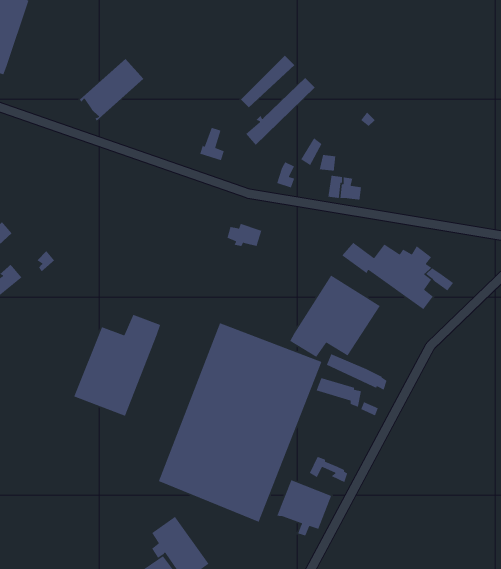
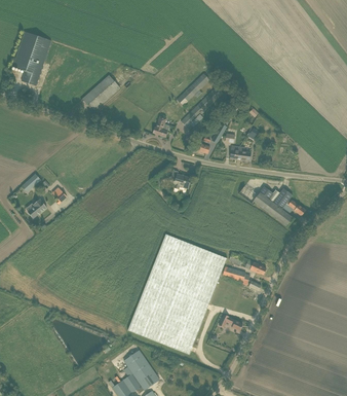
building: [289,275,381,358] -> none
building: [73,314,161,417] -> none
building: [276,479,332,537] -> none

